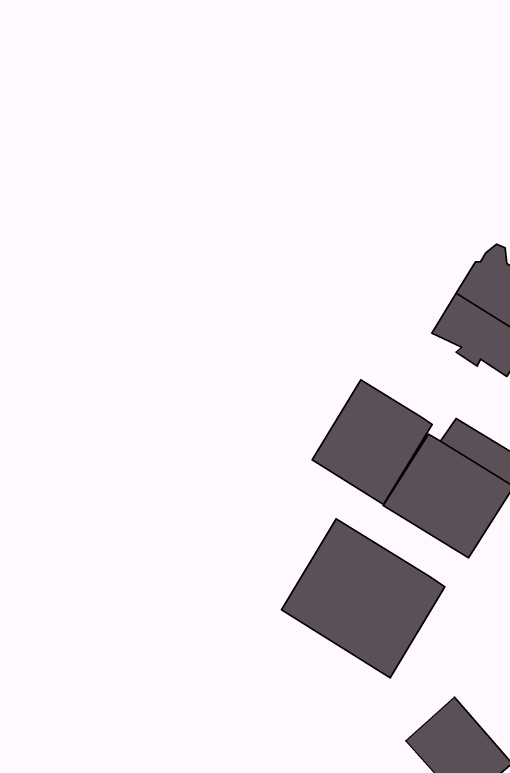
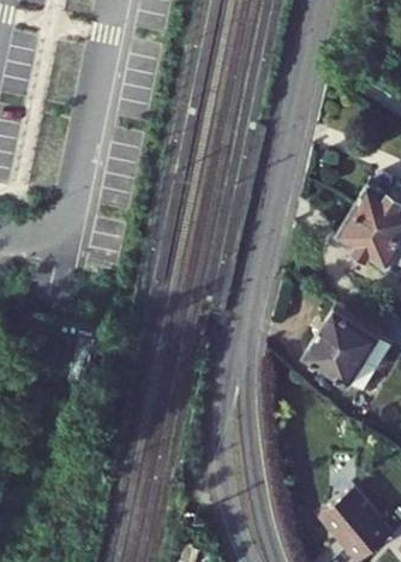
building: [312,380,432,505] -> none
building: [281,519,445,678] -> none

